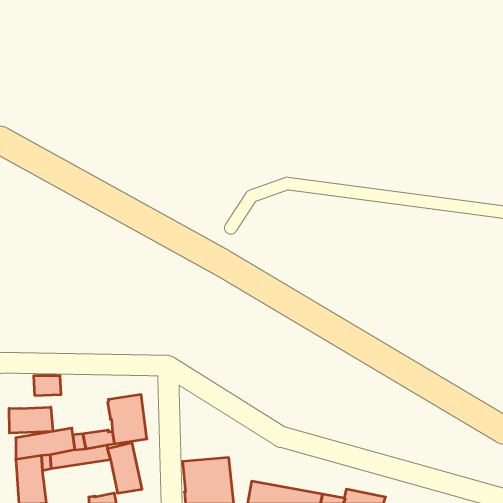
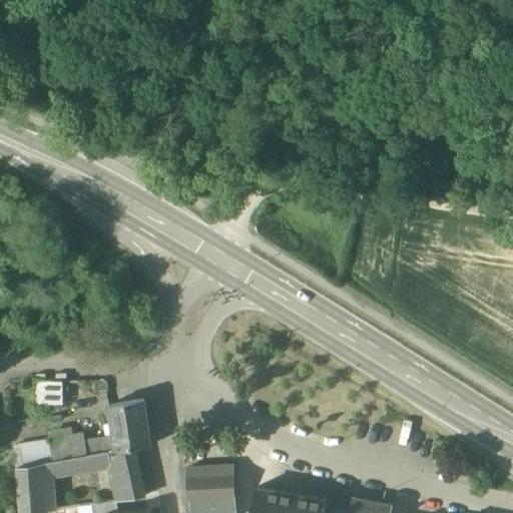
building: [9,407,53,433] -> none

